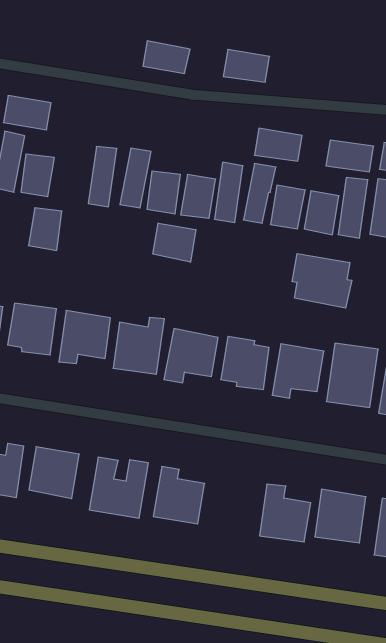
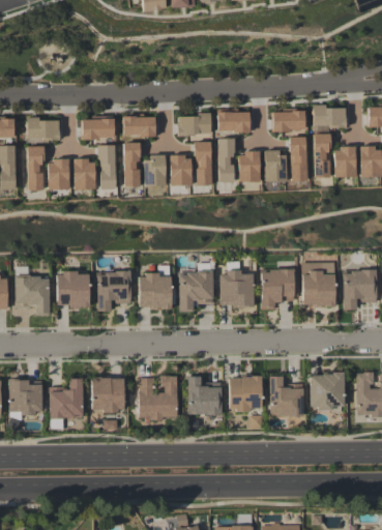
building: [143,41,190,73] -> [123,116,156,136]
building: [223,49,270,82] -> [178,115,210,136]
building: none -> [81,119,114,140]
building: [28,208,62,250] -> [74,159,95,189]
building: [153,223,196,262] -> none
building: [292,254,352,308] -> none
building: none -> [229,377,262,411]

